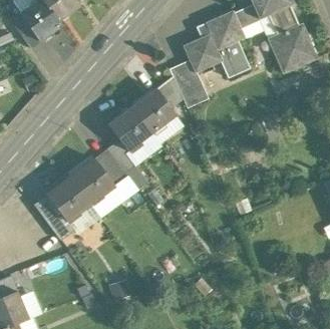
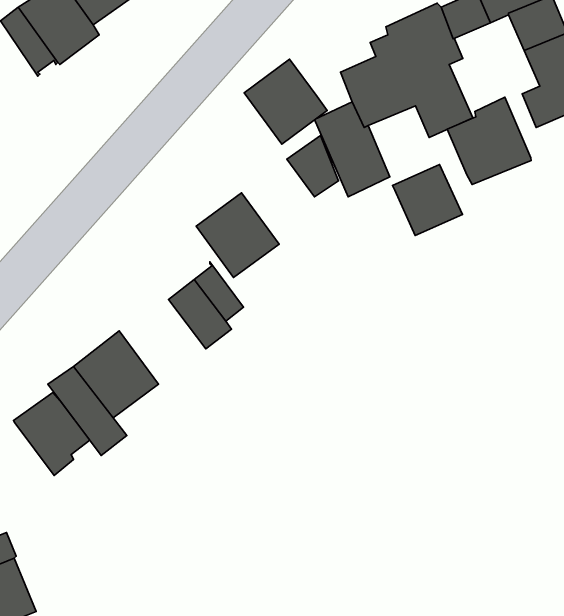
building: none -> [447,97,531,184]
building: [132,89,175,132] -> [244,59,327,144]
building: none -> [392,164,462,236]
building: [70,159,114,204] -> none
building: none -> [14,392,90,476]

